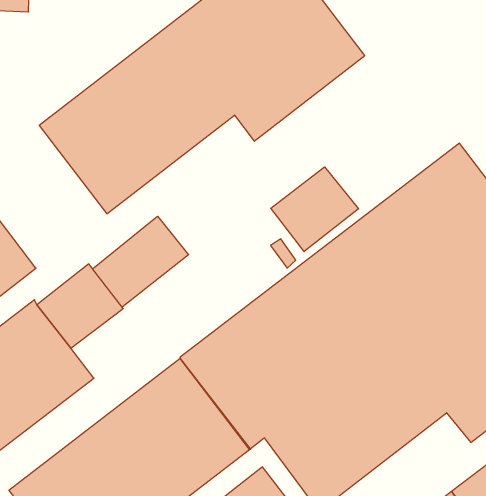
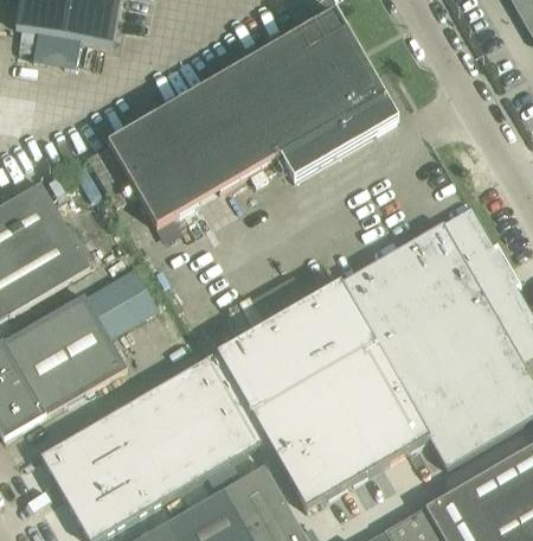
building: [271,167,359,252] -> none
building: [92,216,189,307] -> none

